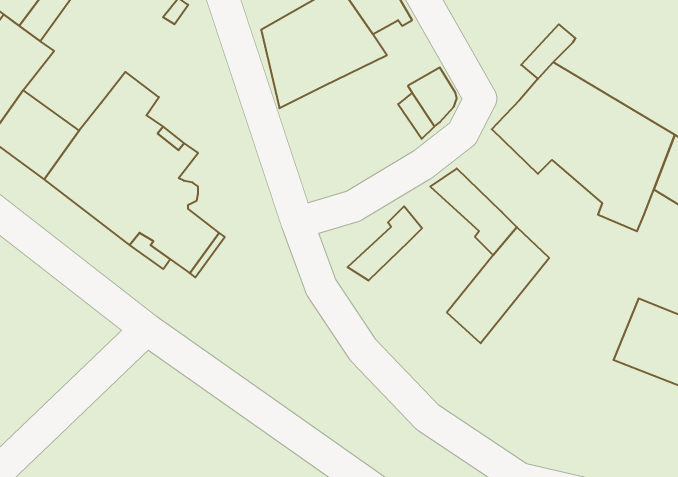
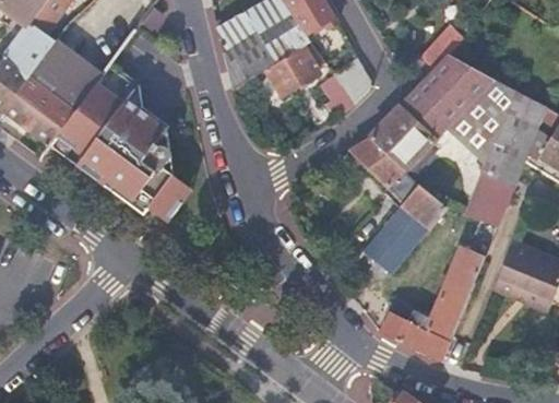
building: none -> [33,44,100,106]
building: none -> [267,47,333,99]
building: none -> [371,105,435,169]
building: [348,206,422,281] -> none
building: none -> [464,171,512,228]
building: none -> [381,247,485,360]

